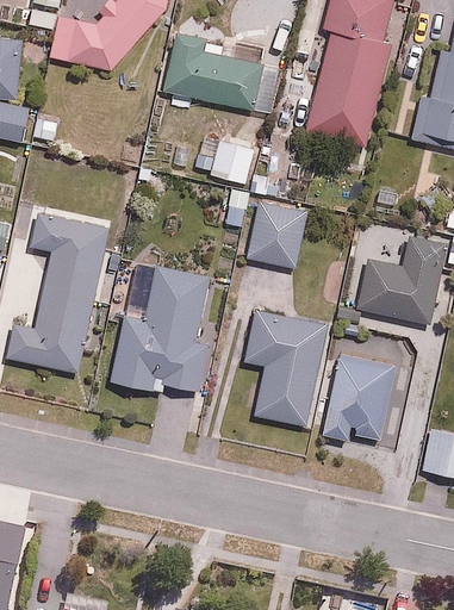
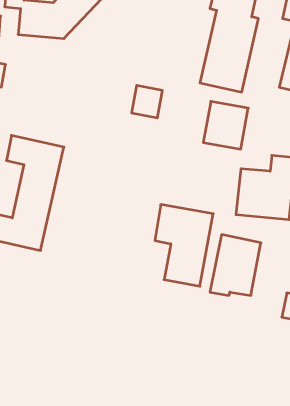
building: [163,33,263,106] -> none
building: [241,199,305,267] -> [203,101,248,149]
building: [113,269,207,390] -> none

